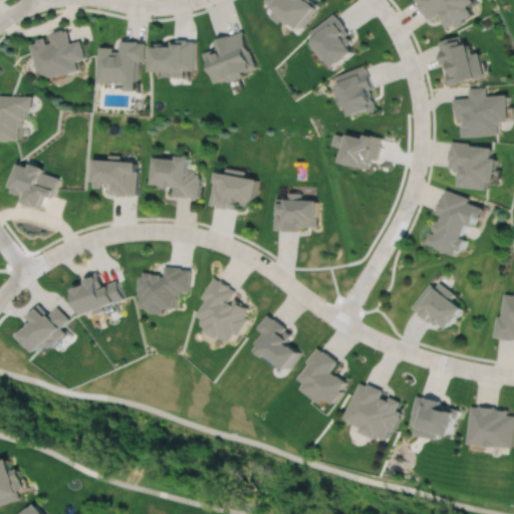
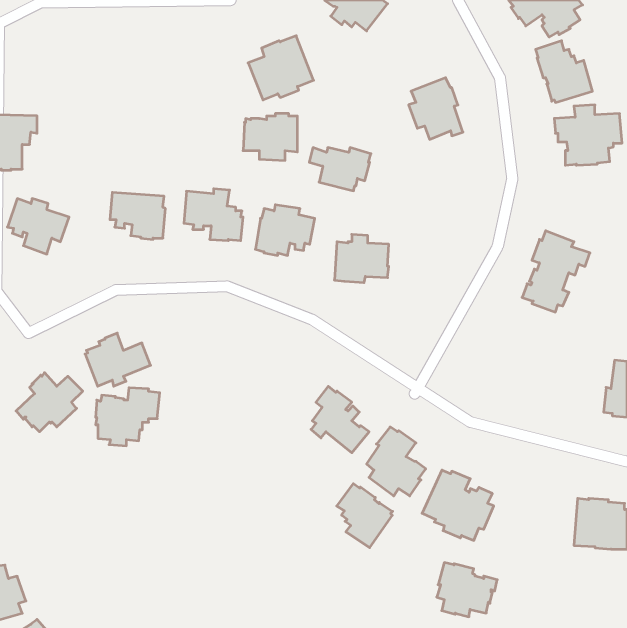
building: [308,13,353,65] -> none
building: [30,30,84,76] -> none
building: [149,39,193,77] -> [243,114,297,160]
building: [95,40,143,90] -> none
building: [330,134,380,169] -> [309,148,371,191]
building: [446,142,493,190] -> none
building: [137,267,189,314] -> [96,388,160,446]
building: [195,278,249,343] -> none
building: [410,283,461,329] -> none
building: none -> [337,484,393,548]
building: [411,398,460,442] -> [437,563,497,617]

